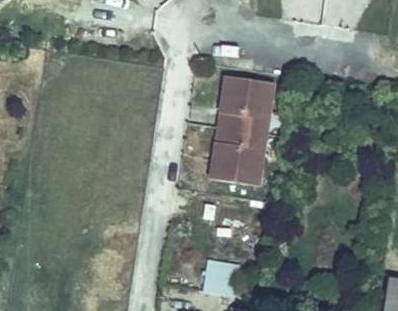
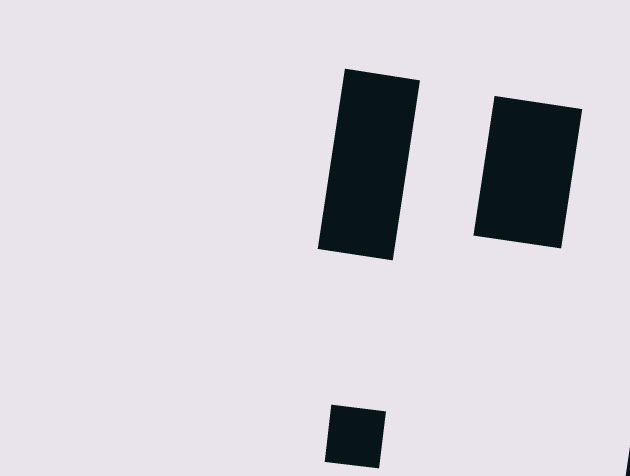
building: none -> [473,95,583,249]

